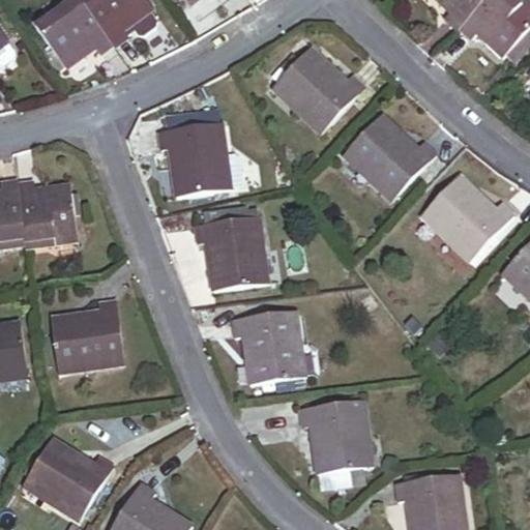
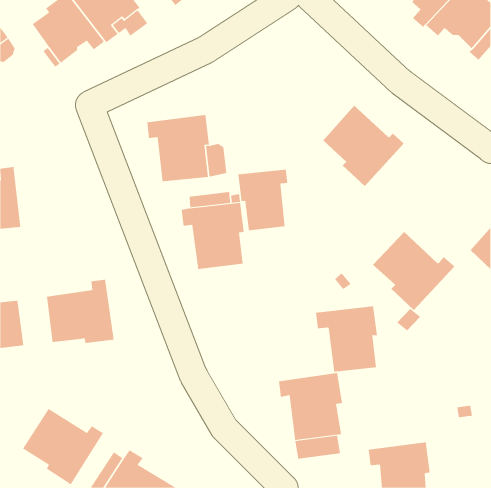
building: [273,46,363,134] -> none
building: [424,175,513,261] -> [372,231,455,311]
building: [16,180,76,247] -> none
building: none -> [238,169,288,231]
building: [231,312,298,383] -> [315,306,378,372]

